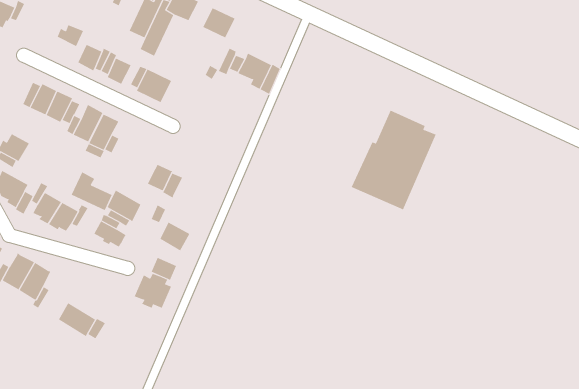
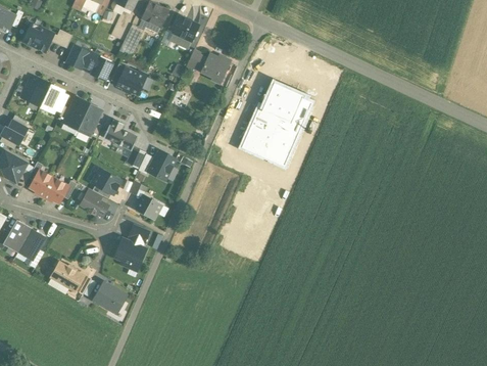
building: none -> [23,24,53,51]
building: [351,110,437,210] -> [241,82,312,166]
building: none -> [148,150,176,180]
building: [71,172,112,211] -> [103,118,138,150]
building: none -> [95,284,125,312]

